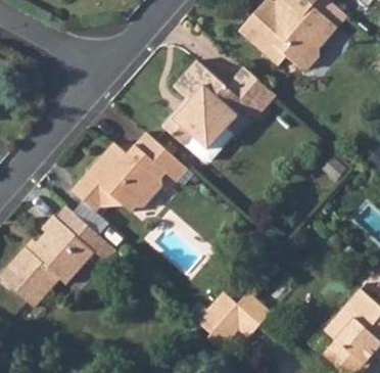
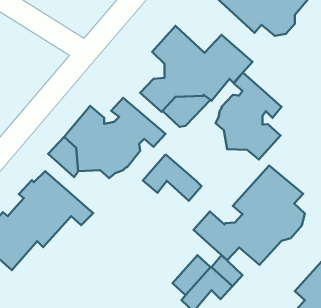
building: none -> [215,73,281,159]
building: none -> [143,155,201,201]
building: none -> [193,165,305,265]

